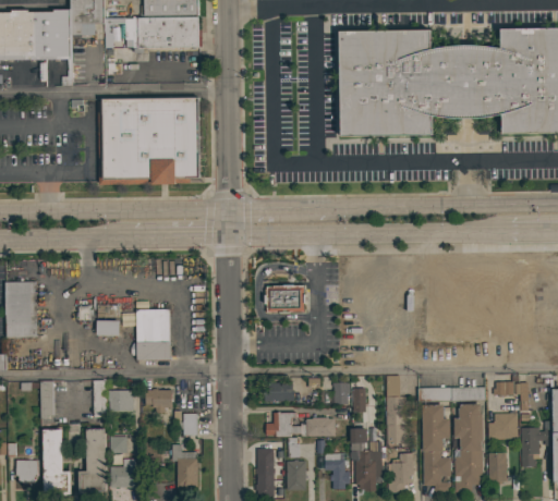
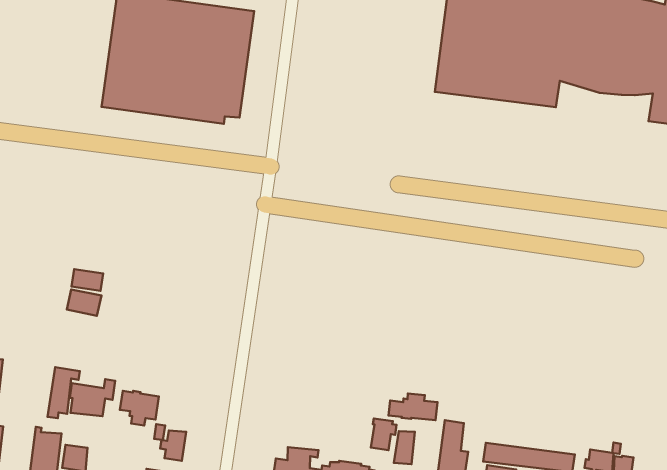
building: [266,285,305,313] -> none
building: [135,310,170,361] -> none
building: none -> [389,393,438,420]
building: [265,382,294,401] -> none

